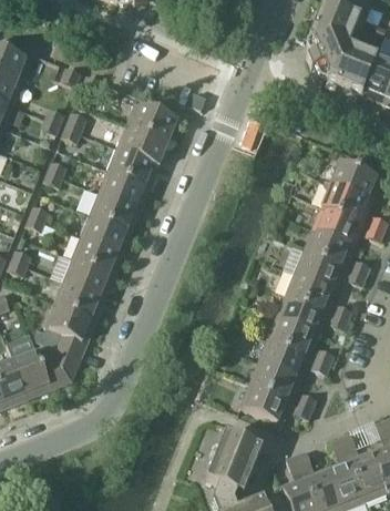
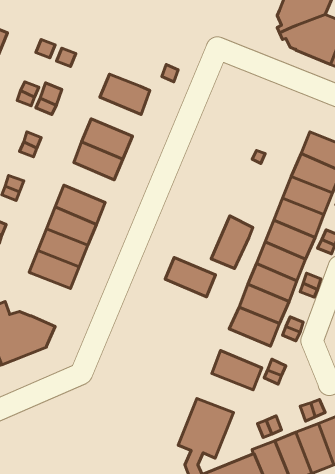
building: [116,125,167,165] -> none
building: [89,192,140,233] -> none
building: none -> [211,216,253,269]
building: [44,304,95,359] -> none
building: [248,361,299,401] -> [165,258,215,297]

